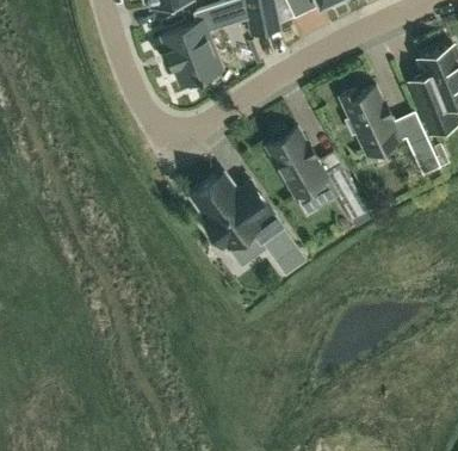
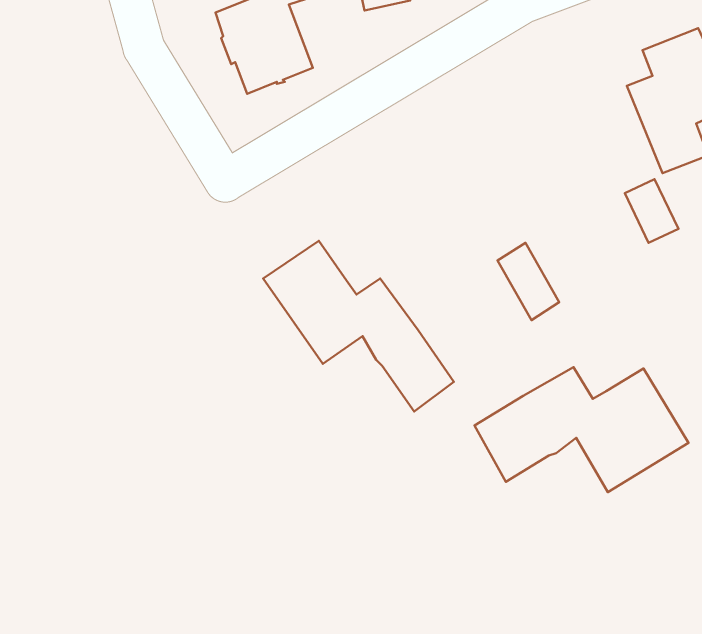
building: [340,87,402,156] -> none
building: [266,126,329,198] -> none
building: none -> [475,367,688,492]

